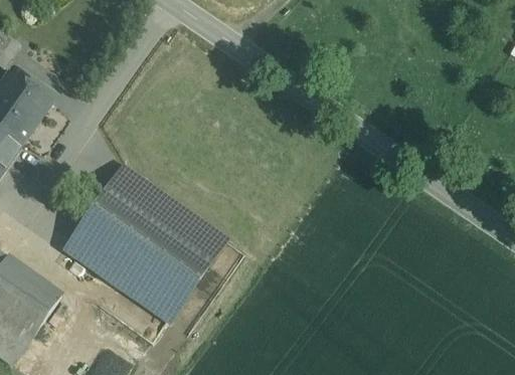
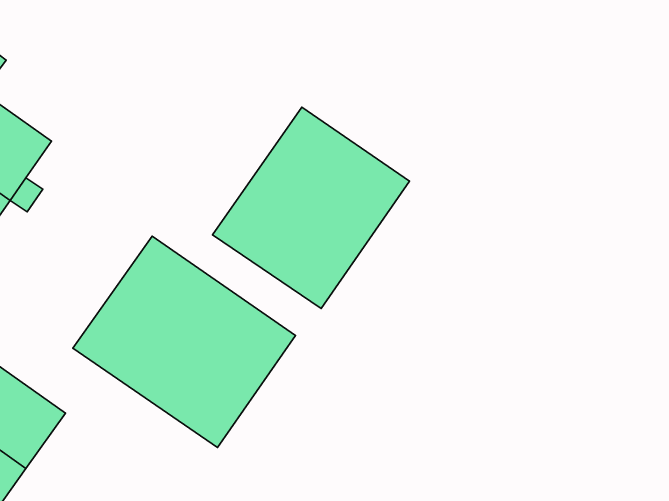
building: none -> [212,107,410,309]

